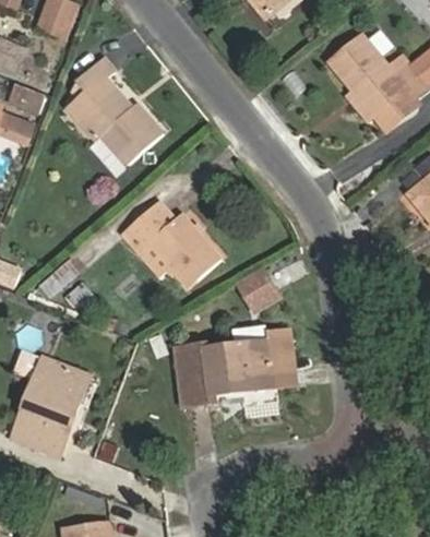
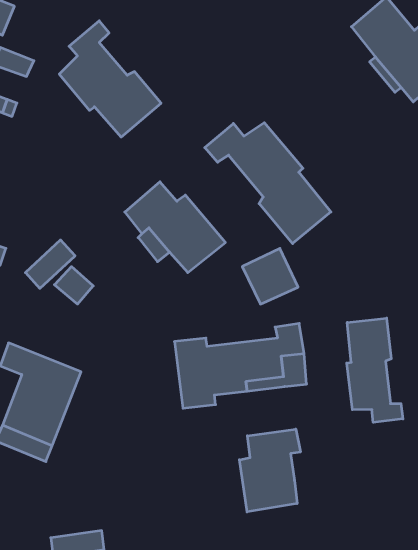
building: none -> [205,123,331,244]
building: none -> [347,318,403,422]
building: none -> [239,429,300,512]

